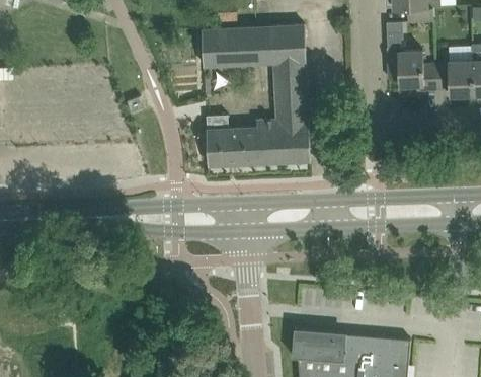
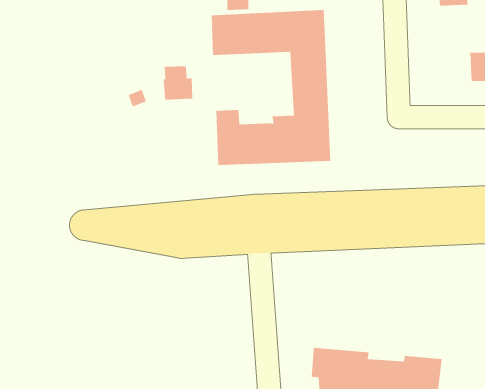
building: [386,31,435,90] -> none
building: none -> [163,65,193,101]

